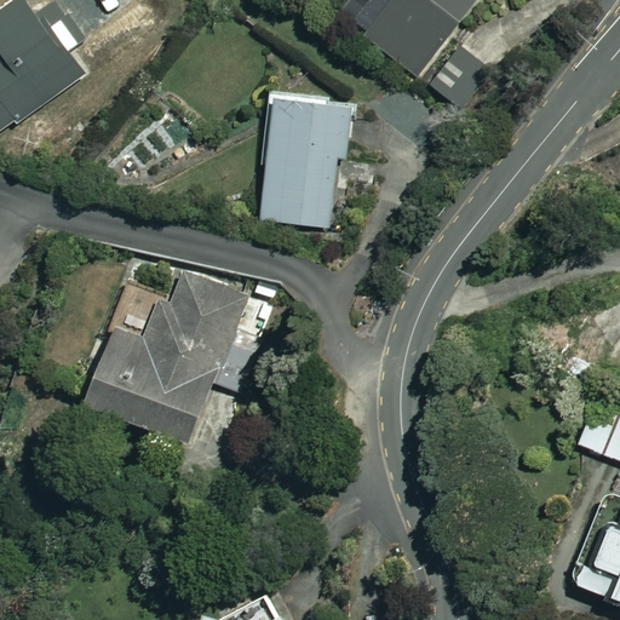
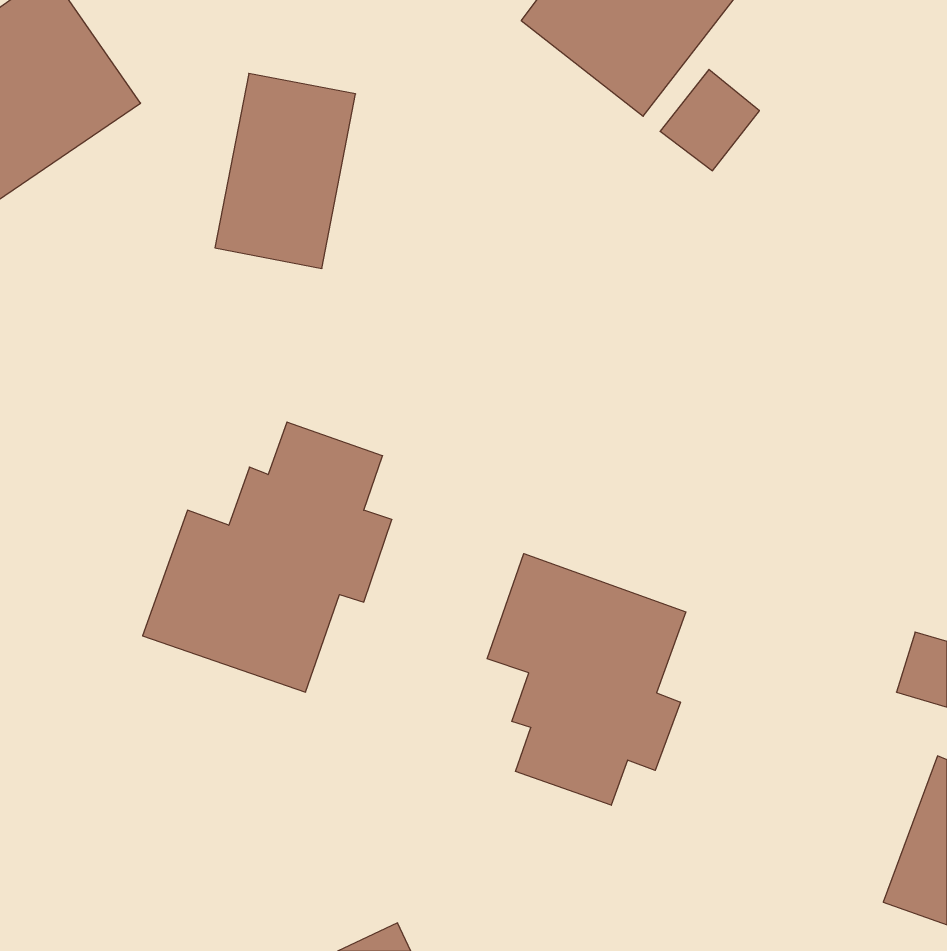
building: [259,102,350,228] -> [215,73,356,268]
building: none -> [487,554,686,805]

